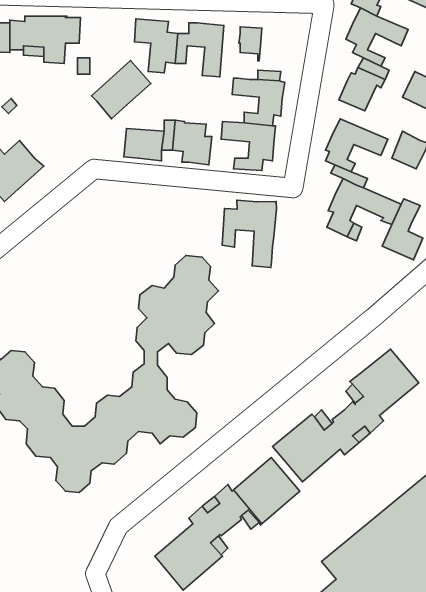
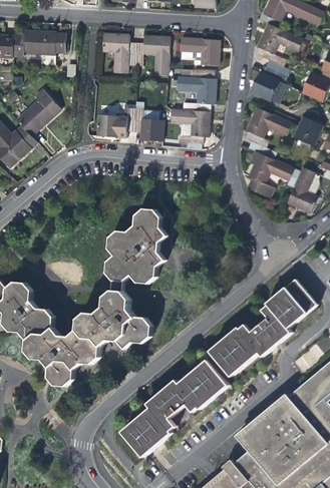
building: none -> [197,40,221,67]
building: [91,60,151,119] -> [15,93,59,136]
building: [222,200,277,267] -> none

